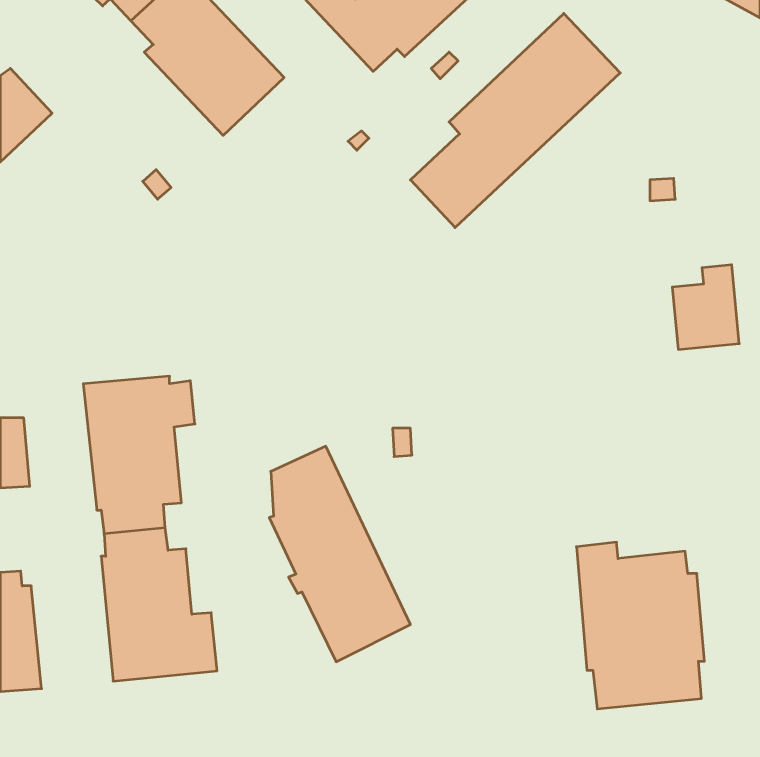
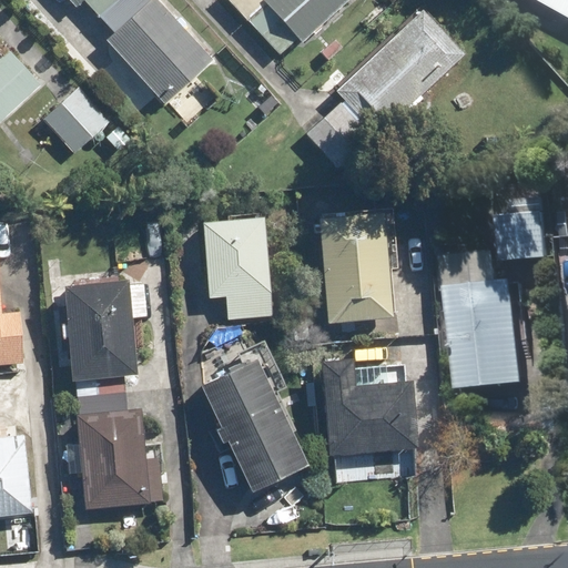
building: none -> [43,88,108,151]
building: none -> [316,213,390,322]
building: none -> [202,217,272,320]
building: none -> [445,251,527,388]
building: [576,542,704,709] -> [321,359,416,484]

